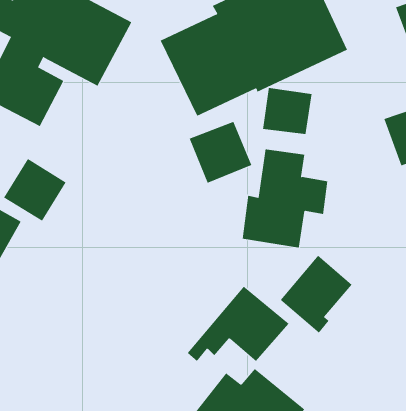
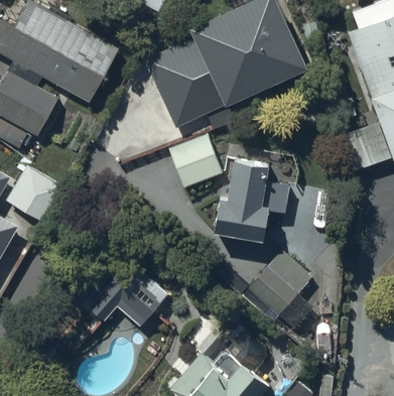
building: [262,87,312,135] -> none
building: [187,286,289,362] -> [80,261,169,327]

